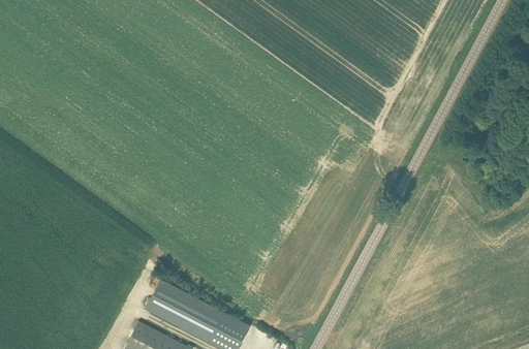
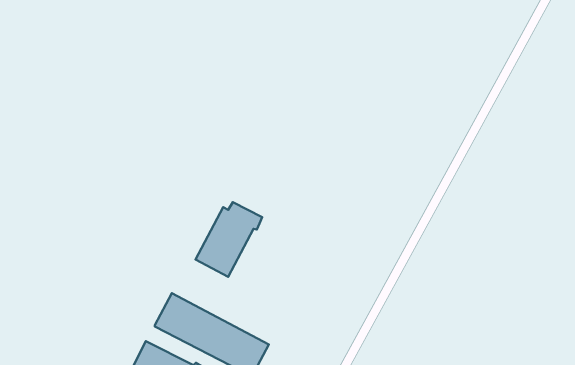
building: none -> [195,202,262,277]

